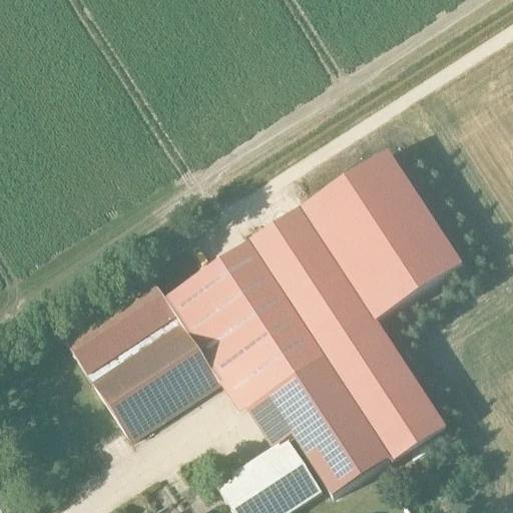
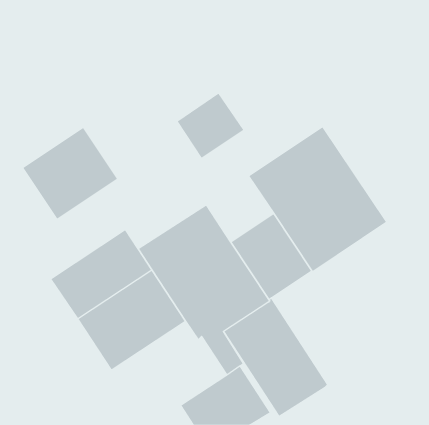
building: none -> [22,127,118,220]
building: [247,209,328,288] -> [177,93,244,158]
building: [325,322,442,460] -> none

